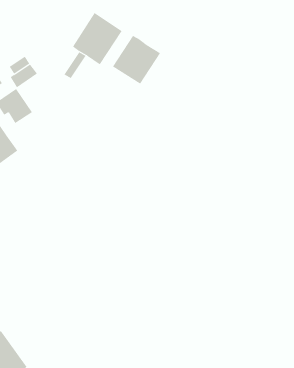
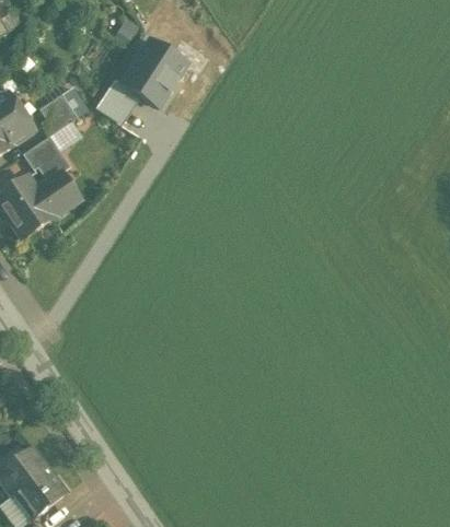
building: [112,35,161,85] -> none
building: none -> [96,78,131,118]
building: none -> [39,173,85,215]

